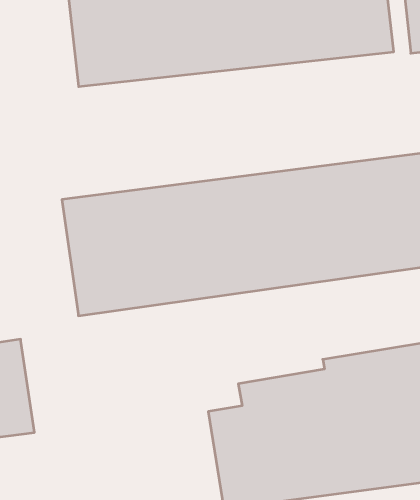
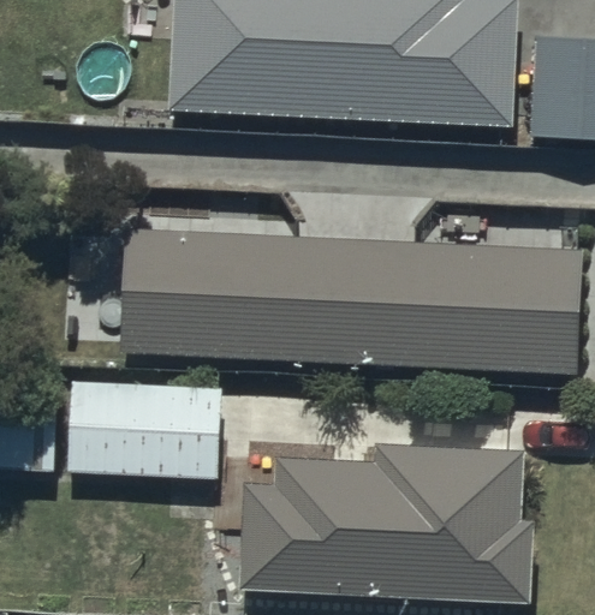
building: none -> [64,380,222,486]

